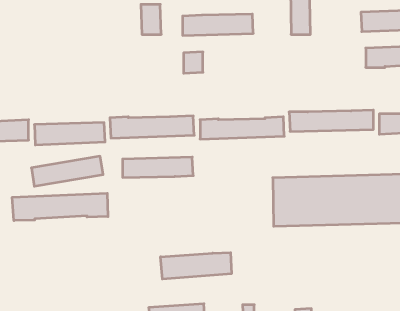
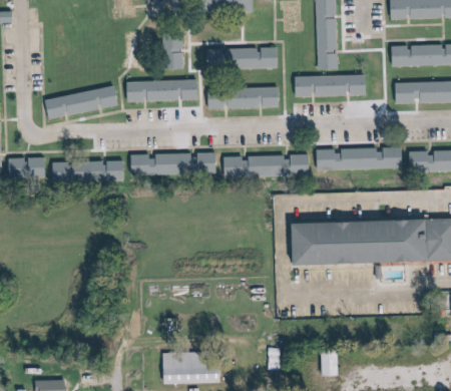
building: none -> [295,74,368,96]
building: none -> [229,87,280,108]
building: [31,156,103,186] -> [45,87,119,118]
building: [123,157,193,177] -> [126,80,199,101]
building: [12,193,108,221] -> none
building: [161,253,231,279] -> none

